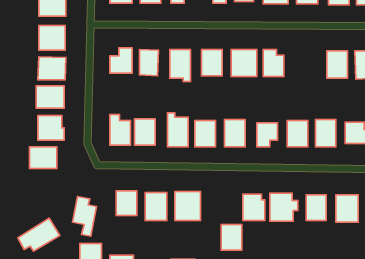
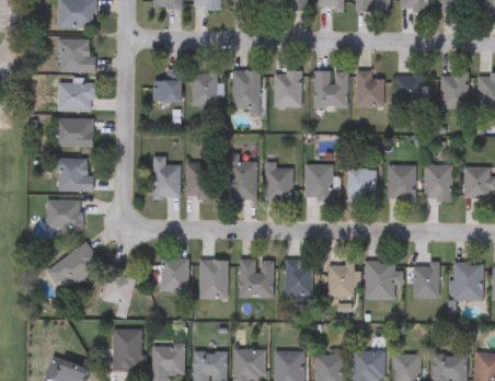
building: none -> [395,73,422,107]
building: [18,218,60,251] -> [46,243,102,287]
building: [221,225,242,250] -> [285,262,312,296]

